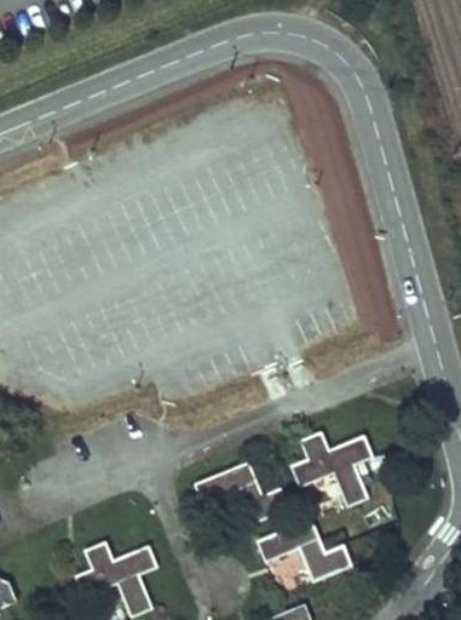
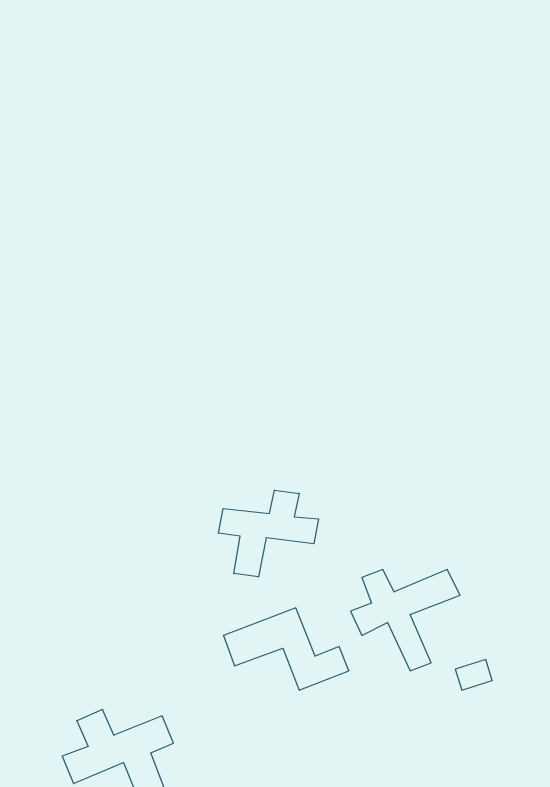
building: none -> [218,490,319,577]
building: [259,522,350,582] -> none

